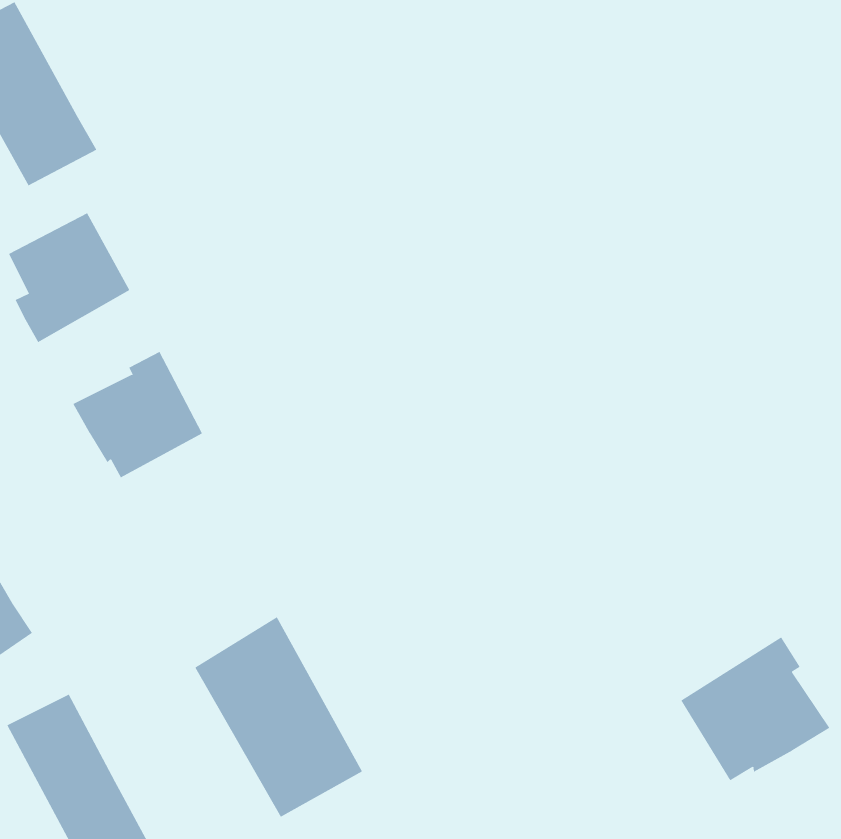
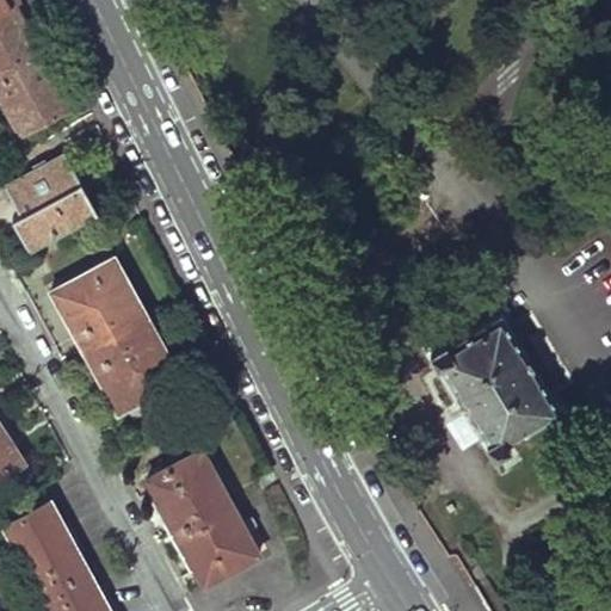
building: none -> [87,316,181,407]
building: none -> [428,316,556,456]
building: [680,637,830,781] -> none

